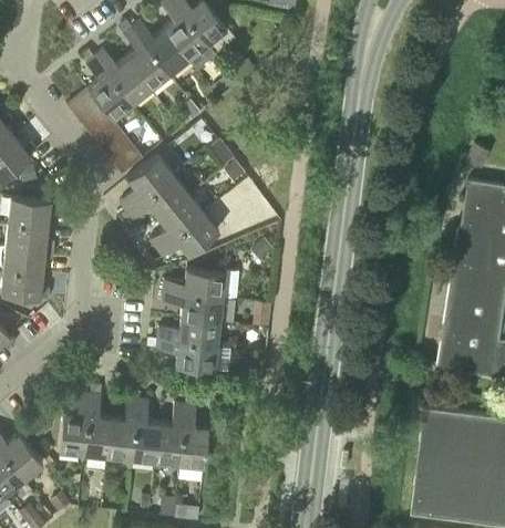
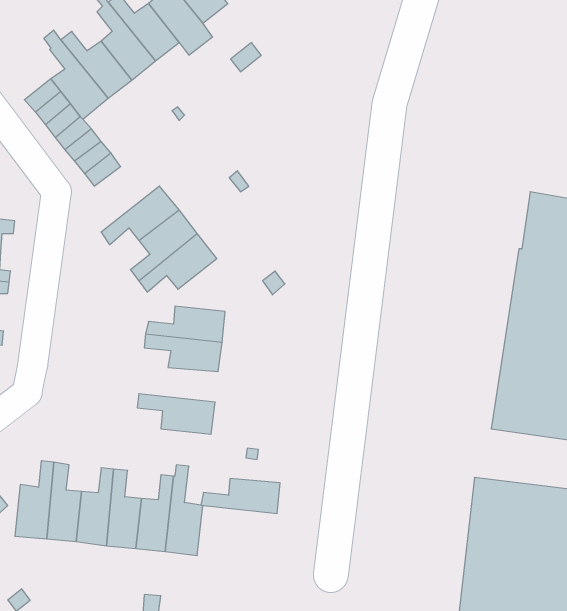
building: [121,156,174,213] -> none
building: [157,320,220,348] -> [201,479,280,513]

